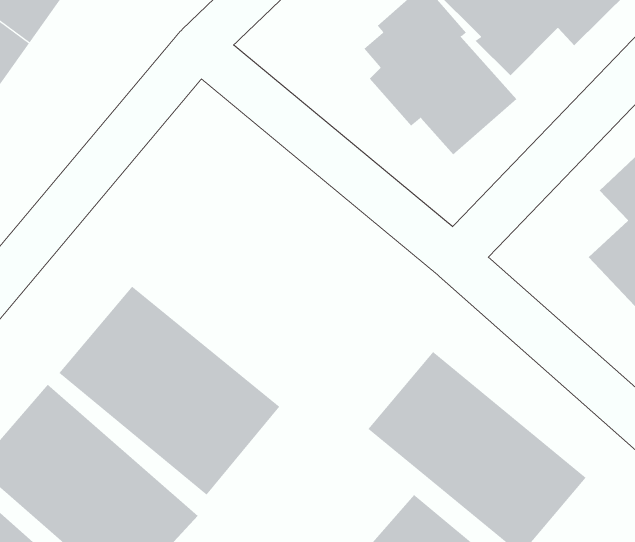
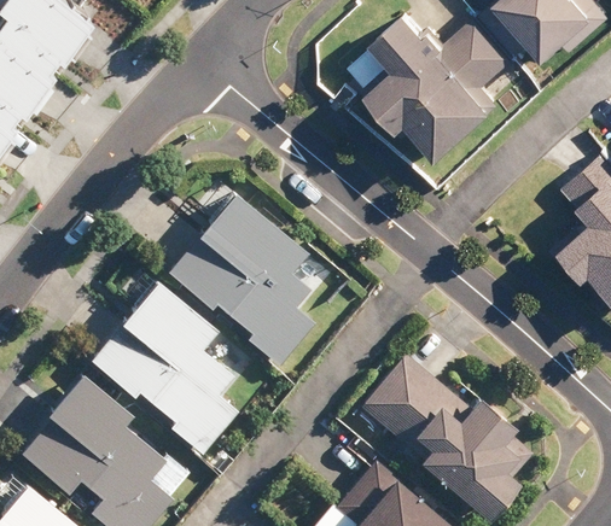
building: none -> [162,176,361,372]

